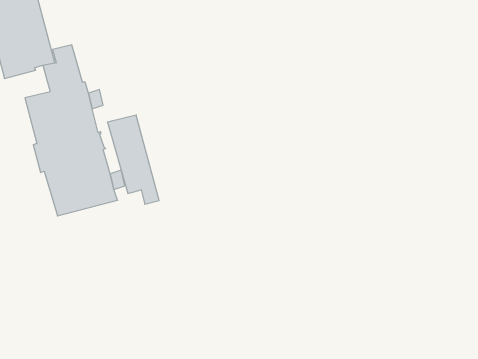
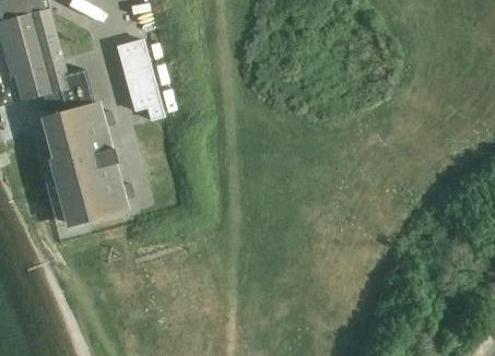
building: [107,115,159,204] -> [114,40,161,121]

